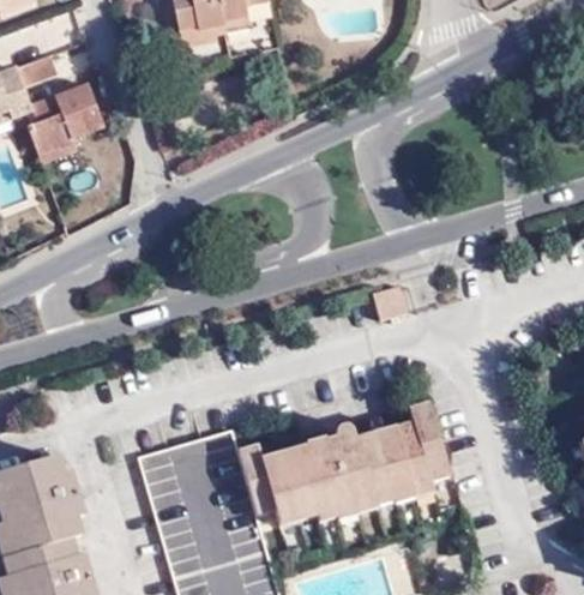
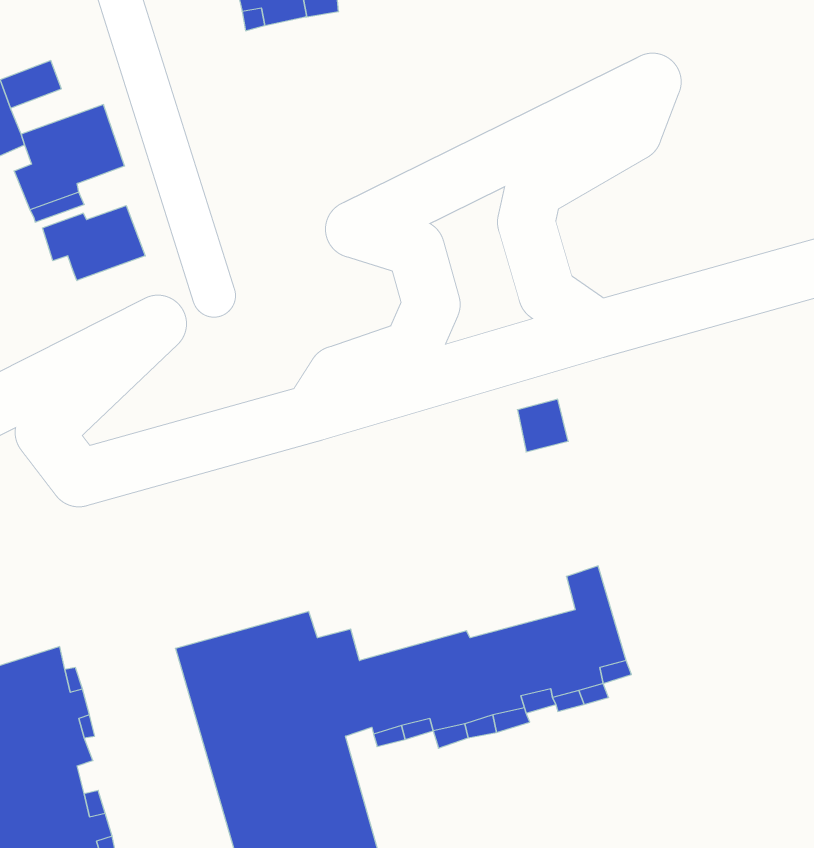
building: none -> [43,206,145,281]

